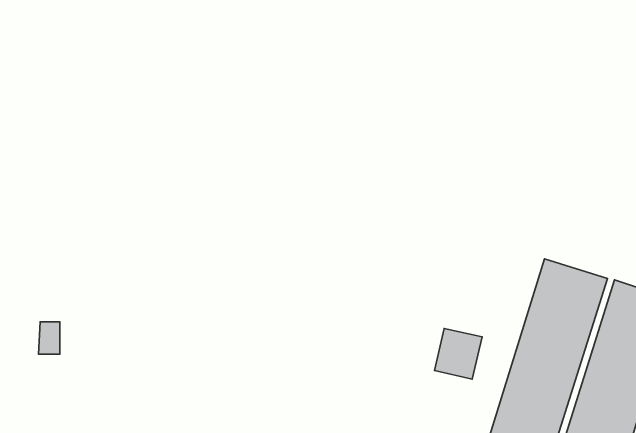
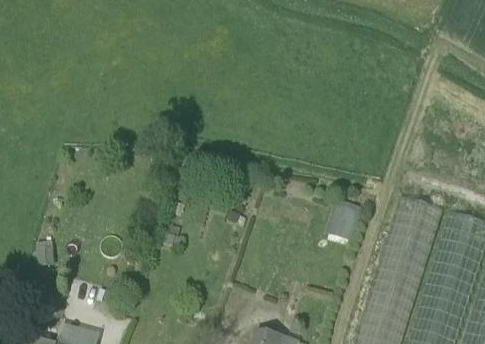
building: [434,329,482,379] -> [328,198,362,234]

